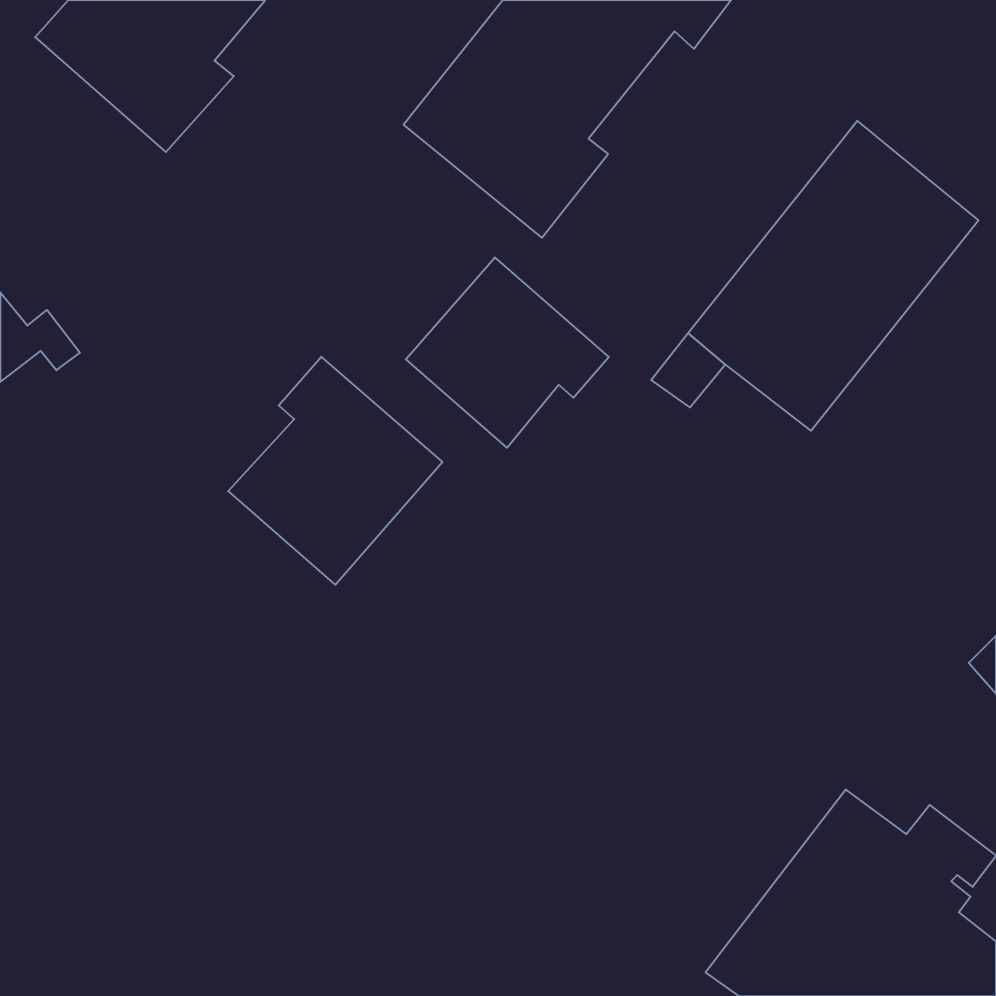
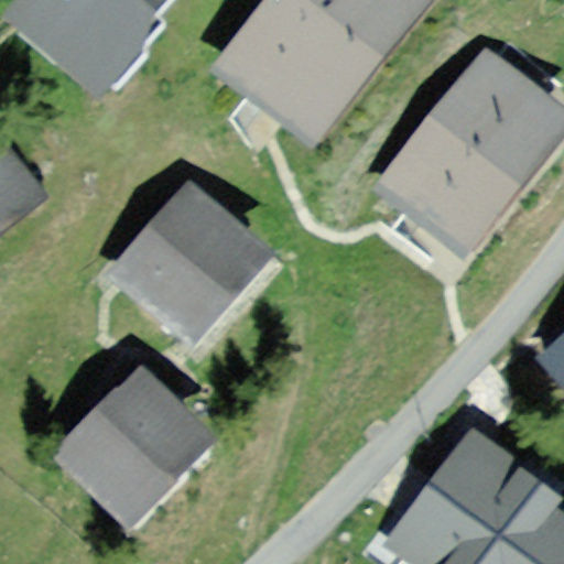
building: [406,257,609,448] -> none
building: none -> [65,392,194,511]

